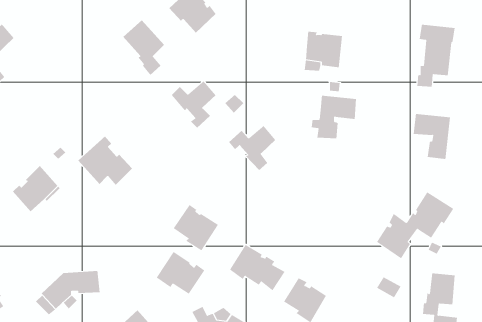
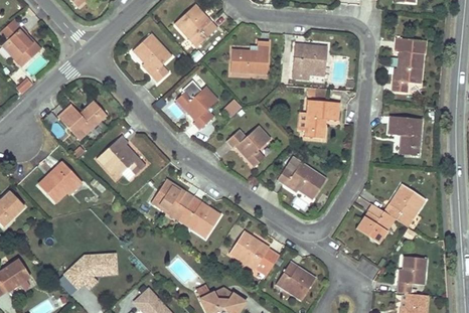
building: none -> [232,41,270,74]
building: none -> [56,101,106,139]
building: none -> [278,157,326,197]
building: [156,251,205,295] -> [150,178,193,216]

